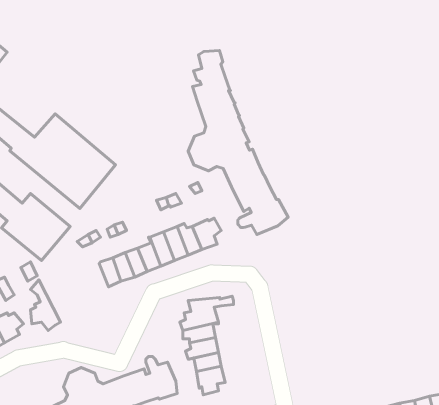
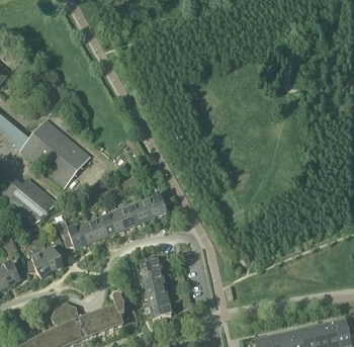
building: [188,50,288,235] -> none
building: none -> [57,220,85,248]
building: none -> [33,237,63,270]

